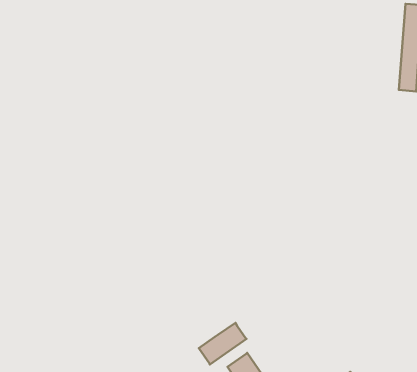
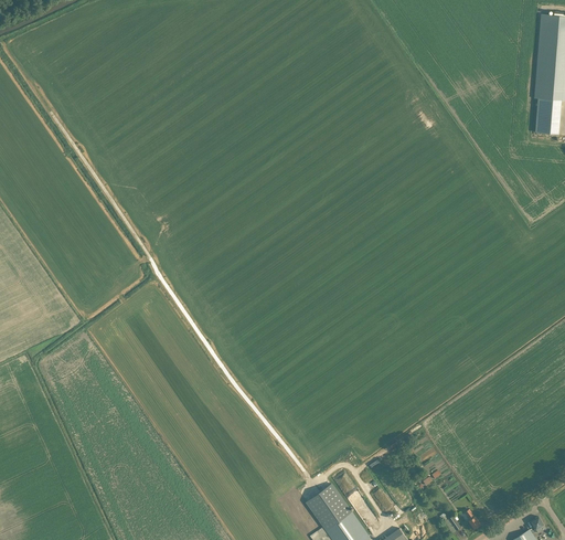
building: [199,323,246,364] -> none

